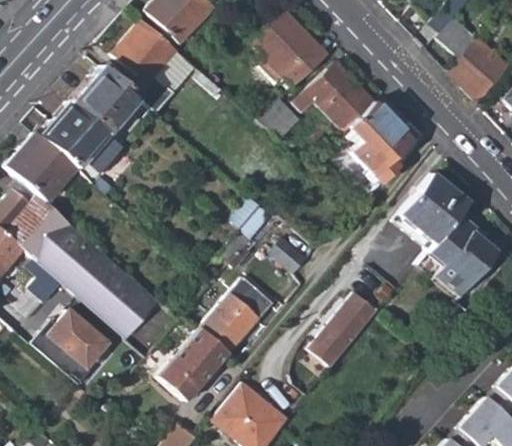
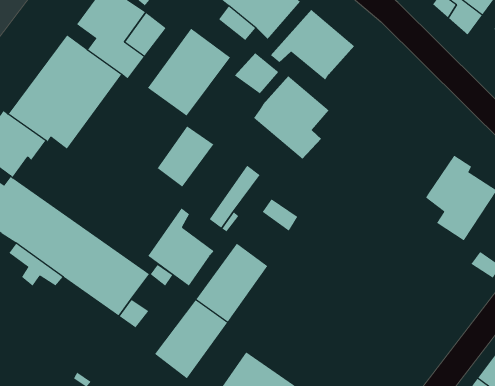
building: none -> [147,28,231,116]
building: [337,101,410,182] -> [253,76,330,159]
building: none -> [157,126,214,188]
building: [396,174,467,248] -> none
building: none -> [147,207,214,286]
building: [309,291,379,367] -> none
building: [32,309,105,383] -> none

